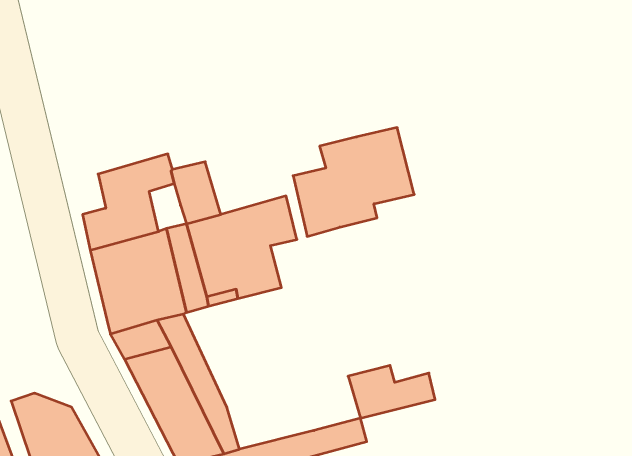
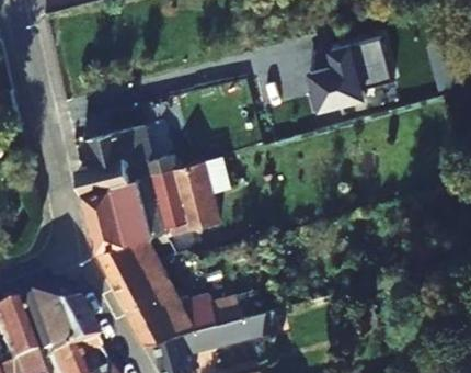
building: [293,128,414,236] -> [309,33,394,110]
building: [348,365,435,418] -> [182,296,243,334]

